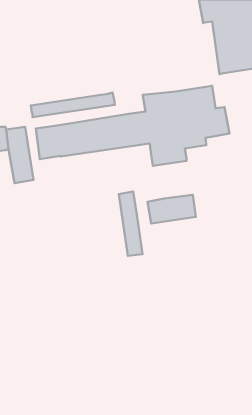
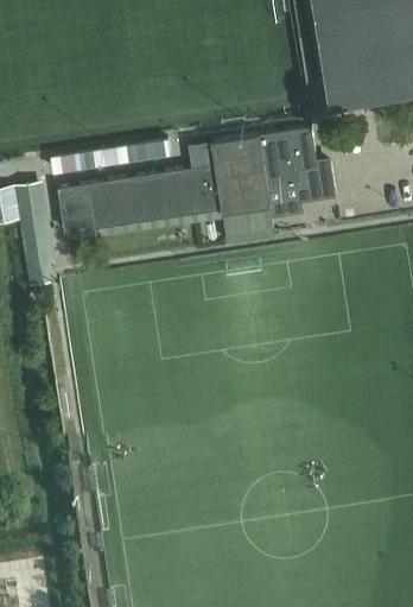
building: [119,192,142,256] -> none
building: [148,195,196,223] -> none

